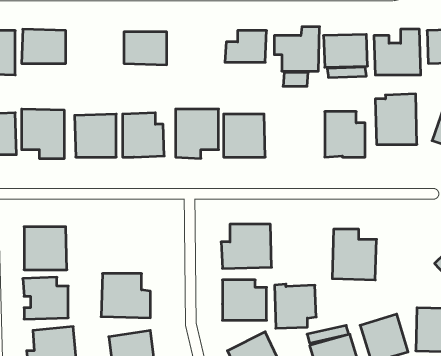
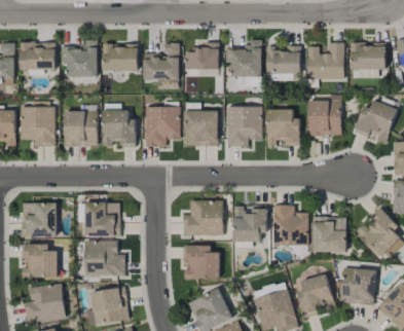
building: none -> [143,43,179,80]
building: none -> [61,44,98,77]
building: none -> [226,107,262,147]
building: none -> [84,203,120,236]
building: none -> [313,217,346,253]
building: [275,284,316,328] -> [233,206,267,242]

